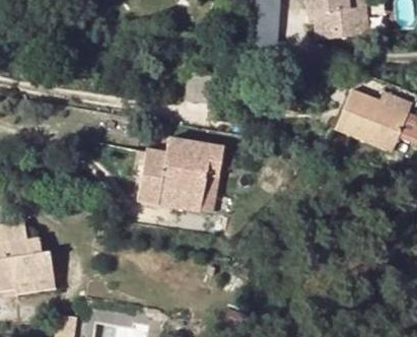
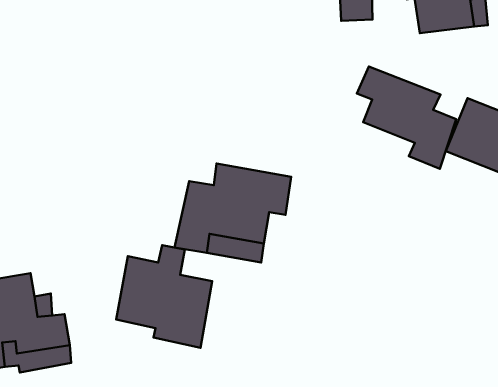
building: none -> [357,67,456,169]
building: none -> [116,245,212,348]

